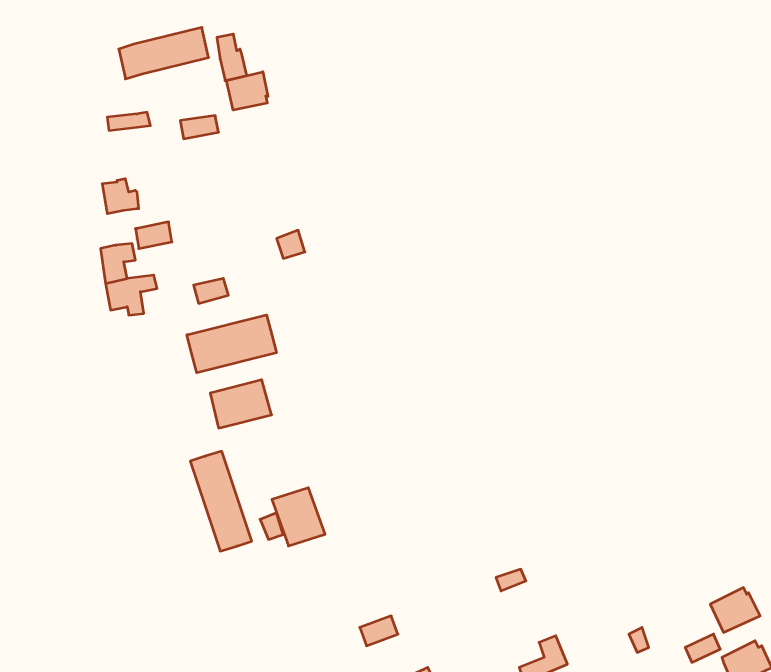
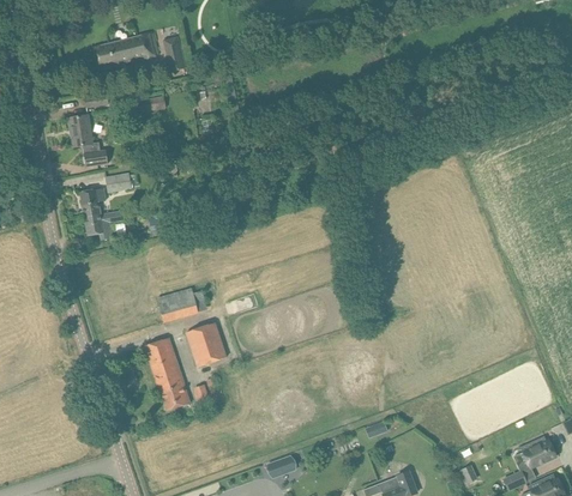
building: [226,72,268,110] -> none
building: none -> [68,114,92,145]
building: [187,315,276,373] -> none
building: [272,488,325,546] -> [186,322,224,364]

